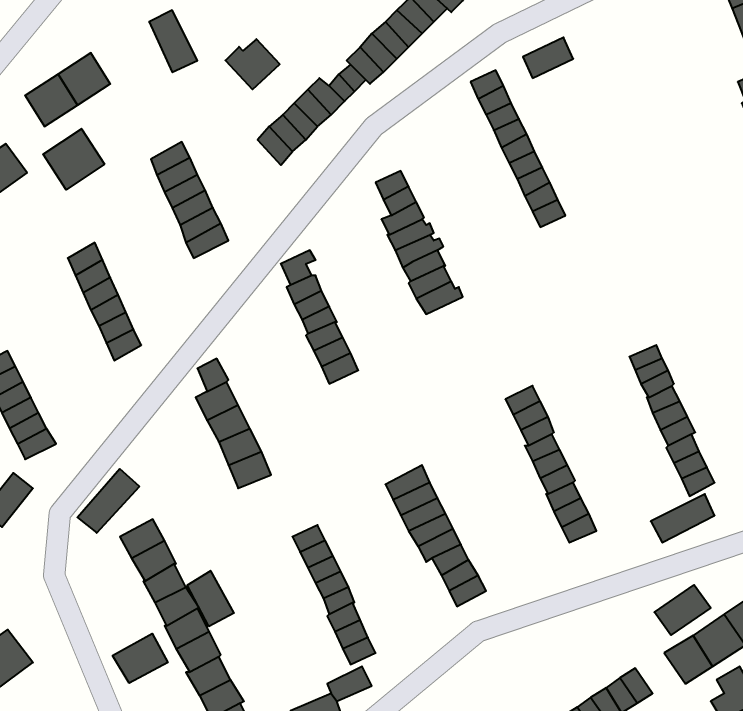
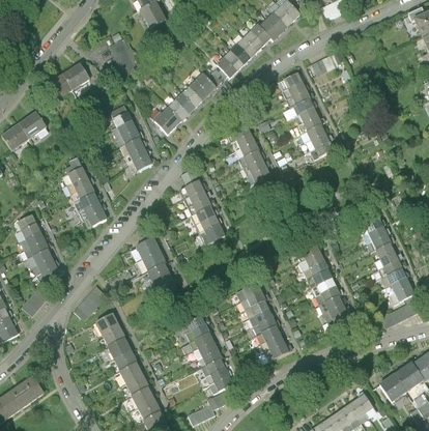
building: [225,39,280,89] -> [151,109,180,136]
building: [43,129,104,190] -> none
building: [187,571,234,626] -> none
building: [654,585,711,635] -> none
building: [113,634,168,683] -> none

